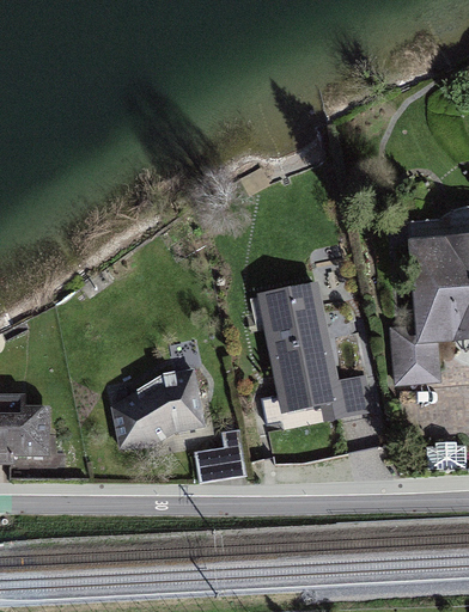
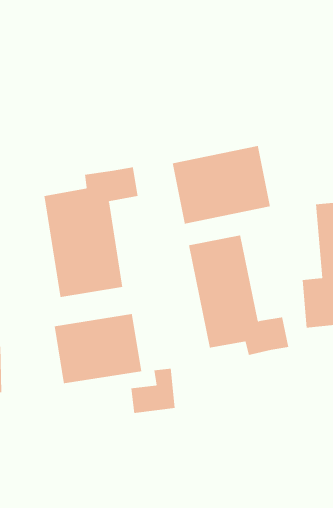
building: none -> [172,145,270,224]
building: none -> [44,166,138,298]

